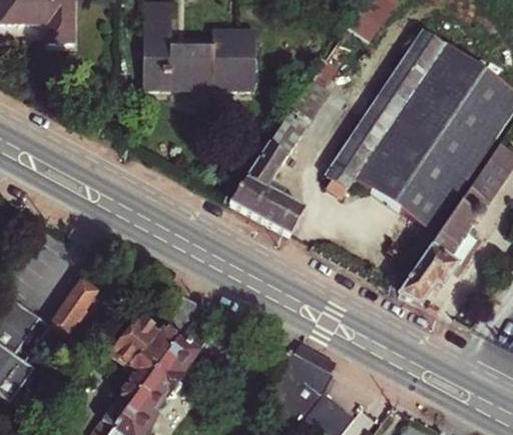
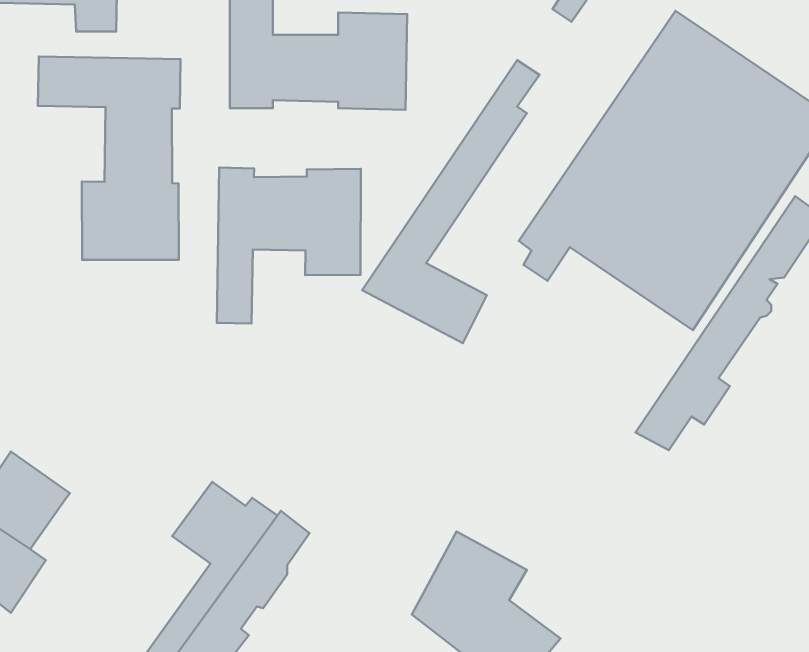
building: none -> [38,57,181,260]
building: none -> [217,168,361,323]
building: [42,283,96,348] -> none

